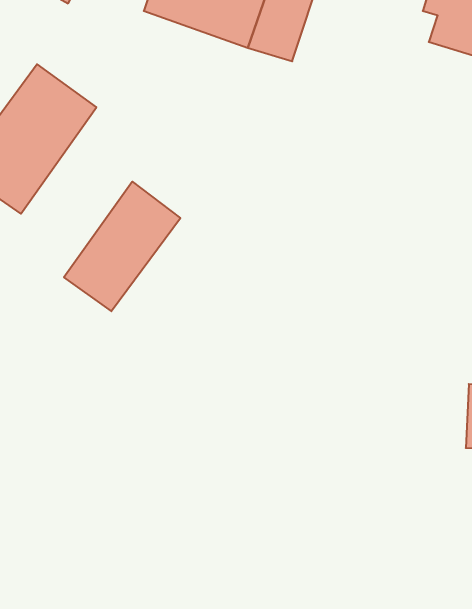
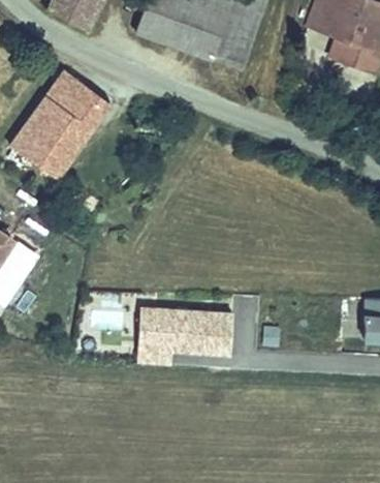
building: [64,182,180,311] -> none
building: none -> [135,302,235,367]

